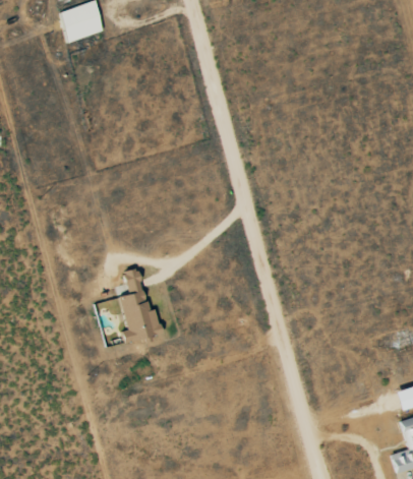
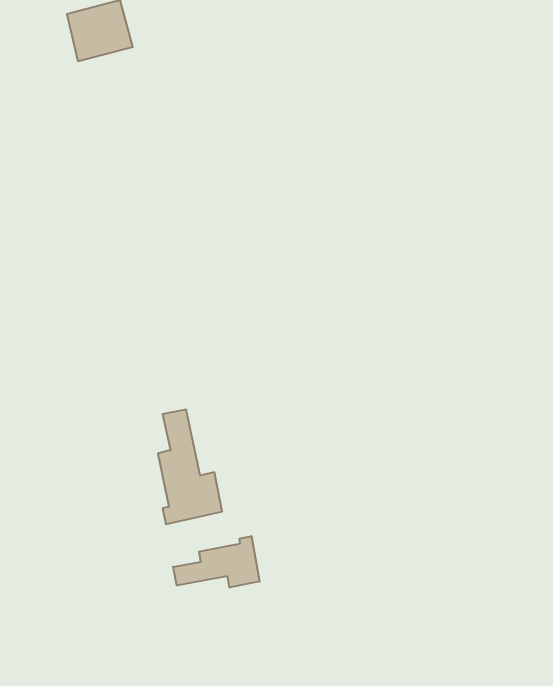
building: none -> [173,536,260,588]

